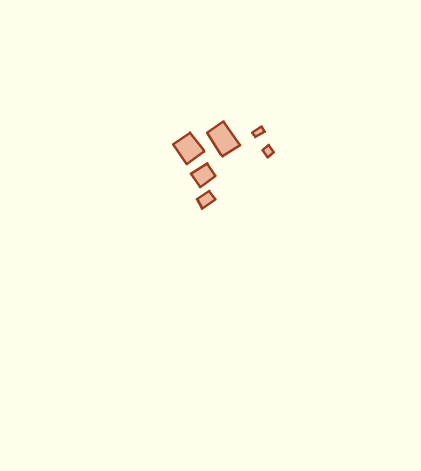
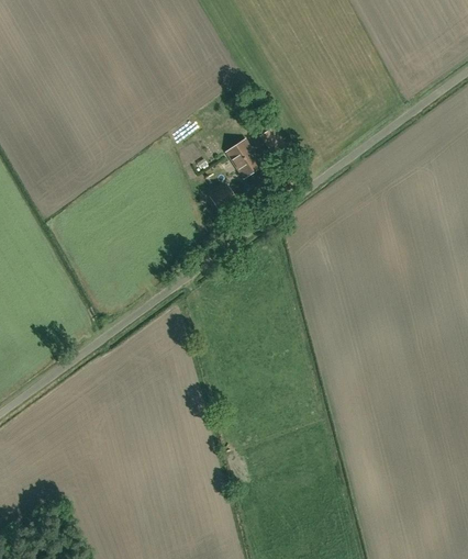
building: [173,133,204,164] -> none

